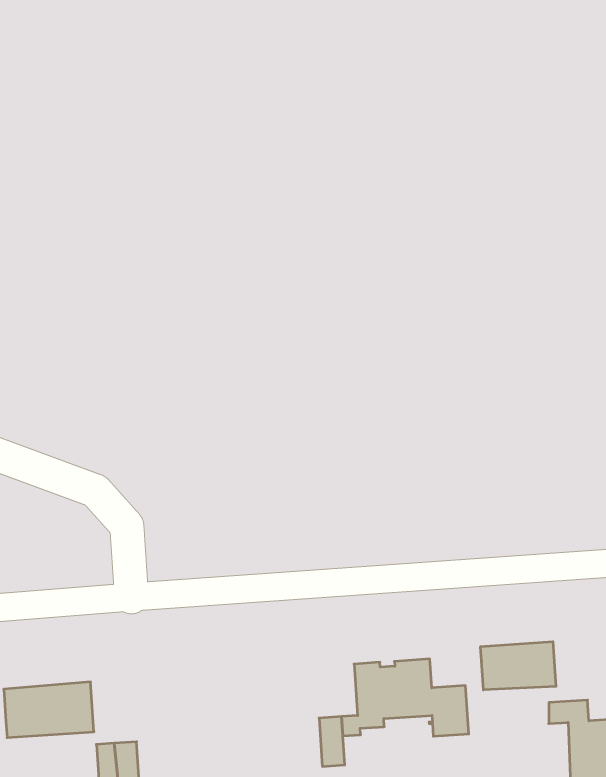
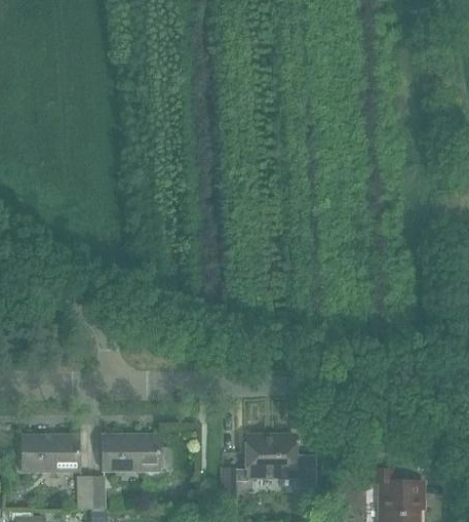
building: [481,642,556,690] -> none
building: none -> [103,437,171,471]

